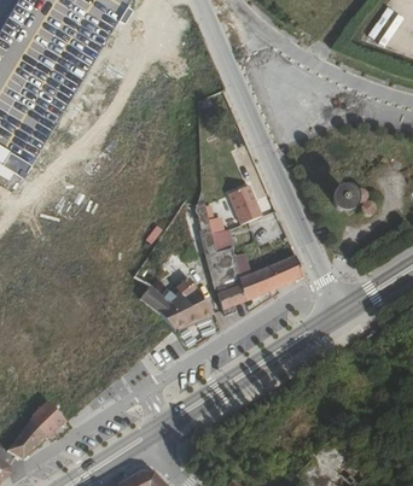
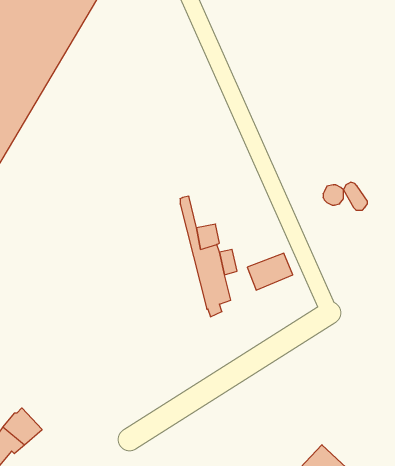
building: [229,185,262,226] -> none
building: [240,270,271,301] -> none
building: [141,280,216,330] -> none

